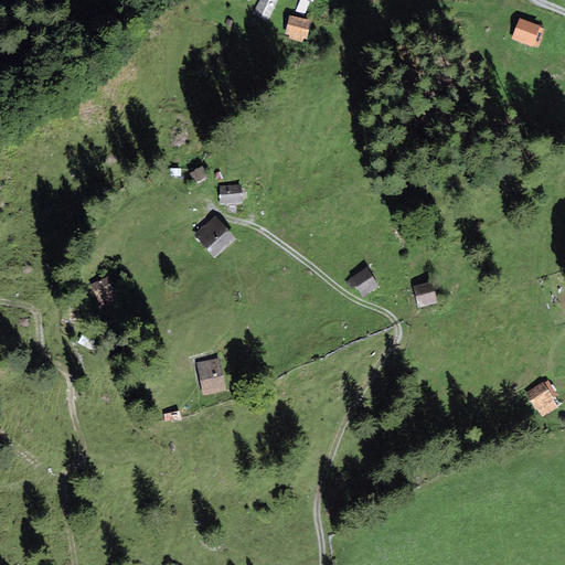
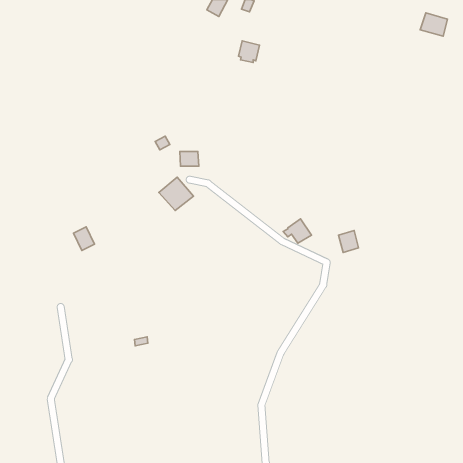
building: [285,14,310,41] -> [239,41,259,63]
building: [195,358,225,394] -> none
building: [524,380,558,417] -> none

